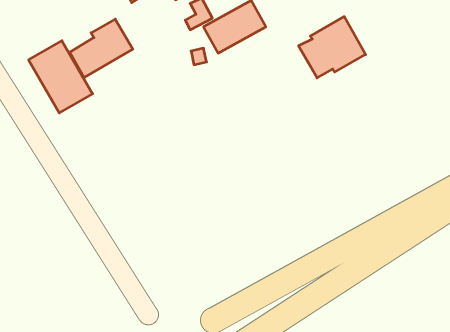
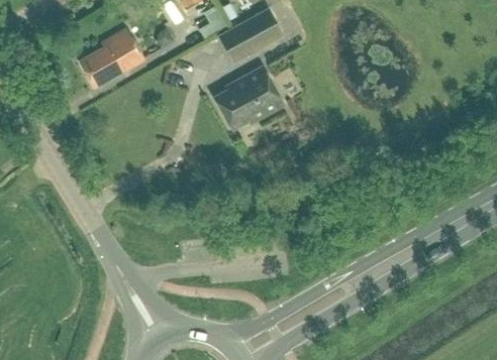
building: [299,17,366,78] -> [214,67,284,130]
building: [29,41,93,113] -> none

